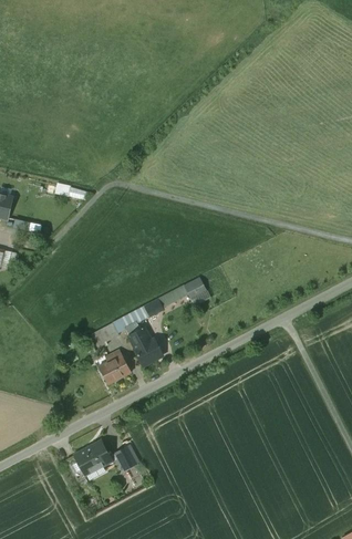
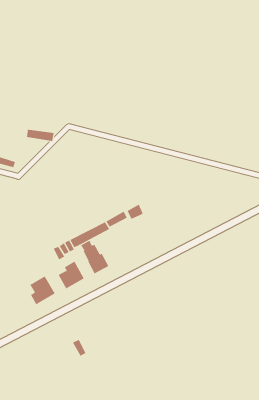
building: none -> [29,275,56,305]
building: [74,440,112,476] -> none

